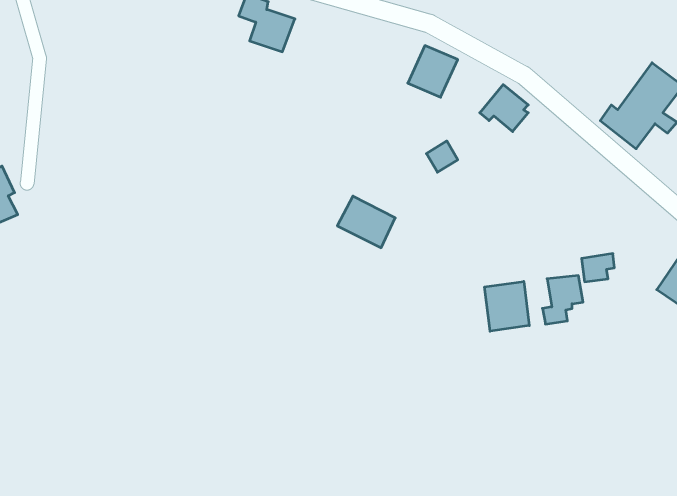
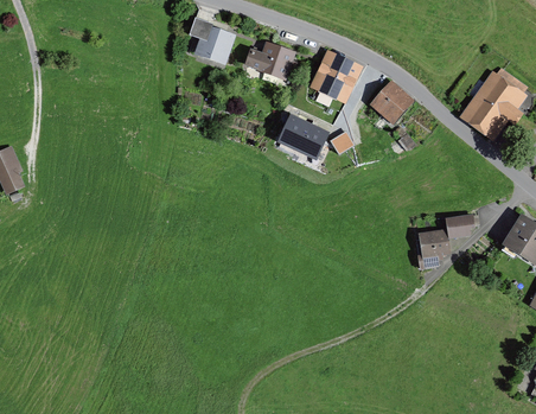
building: none -> [245,45,291,77]
building: [337,196,395,248] -> [279,117,323,157]
building: [485,281,529,331] -> none

